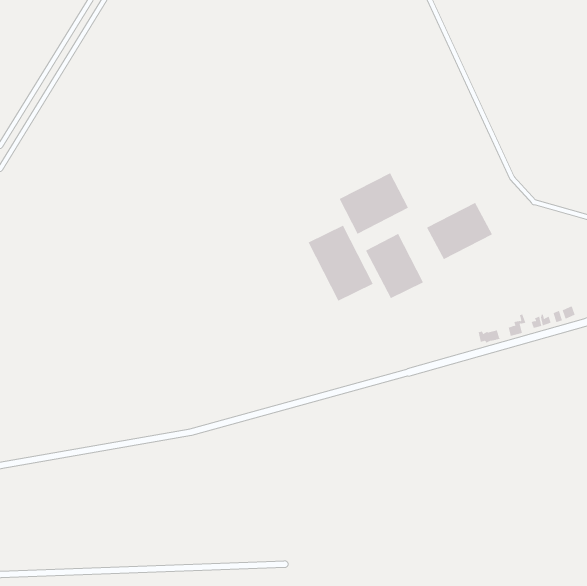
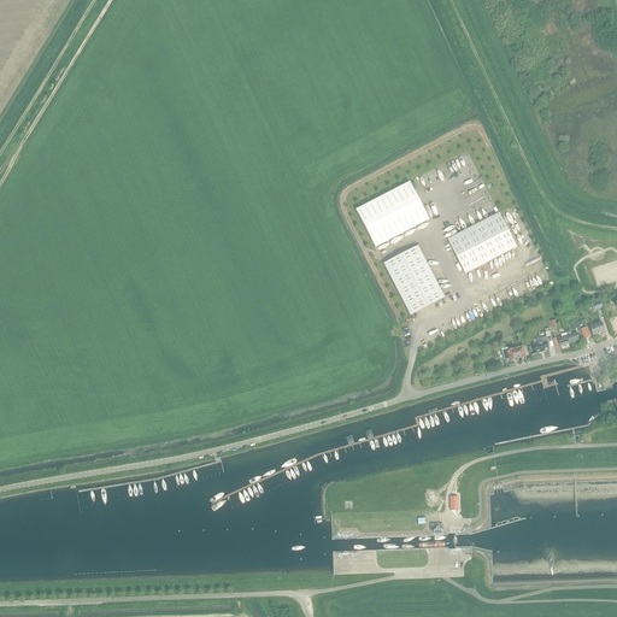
building: [308,225,374,301] -> none

